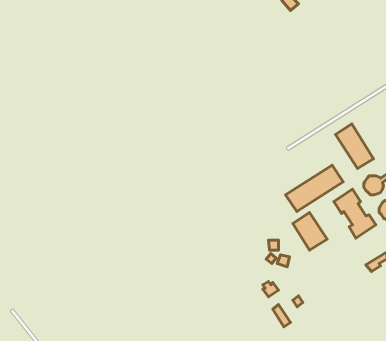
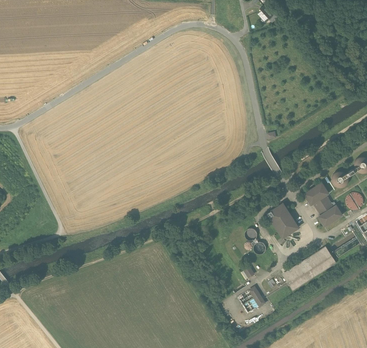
building: [336,124,374,168] -> none
building: [286,165,343,212] -> [283,247,335,289]

